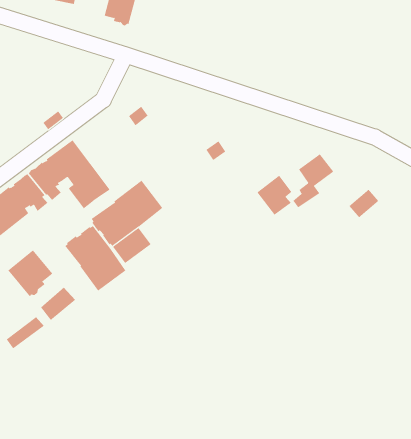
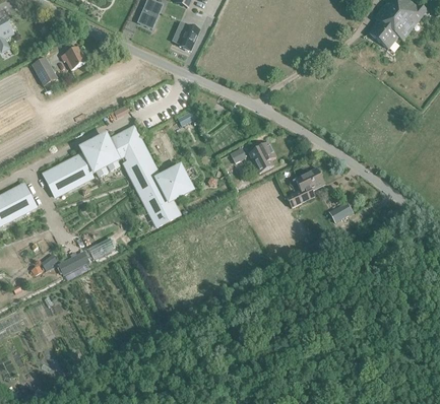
building: [257,175,292,216] -> [249,142,275,172]
building: [65,225,126,292] -> none
building: [8,249,53,297] -> none

